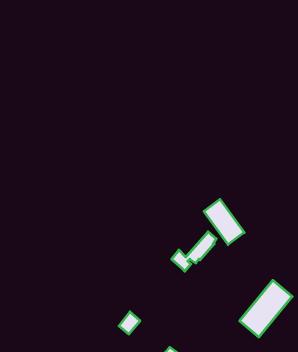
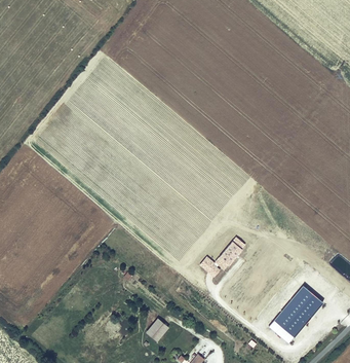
building: [204,199,244,245] -> none

